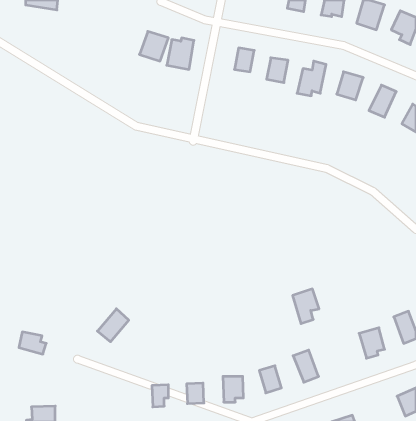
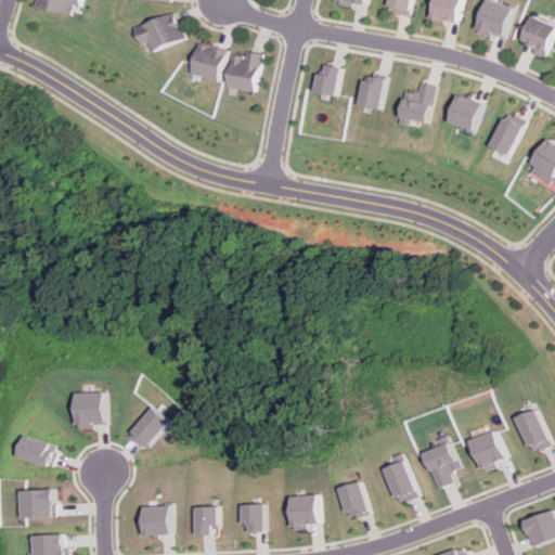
building: none -> [133,13,180,52]
building: [293,289,319,324] -> [425,443,460,489]
building: none -> [78,392,106,427]
building: none -> [29,490,62,518]
building: none -> [149,505,176,535]

